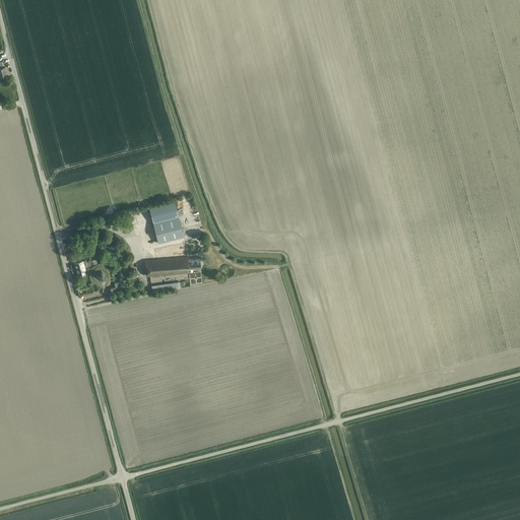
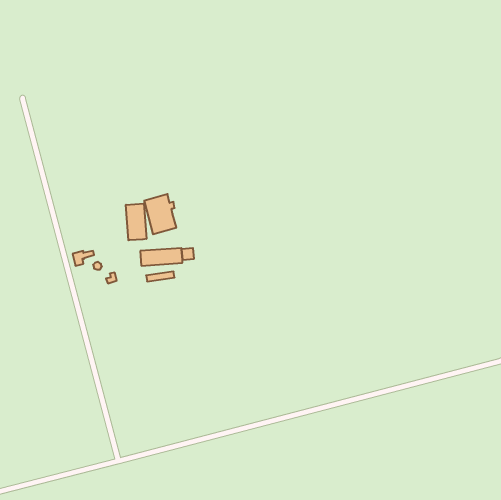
building: none -> [126,203,146,240]

